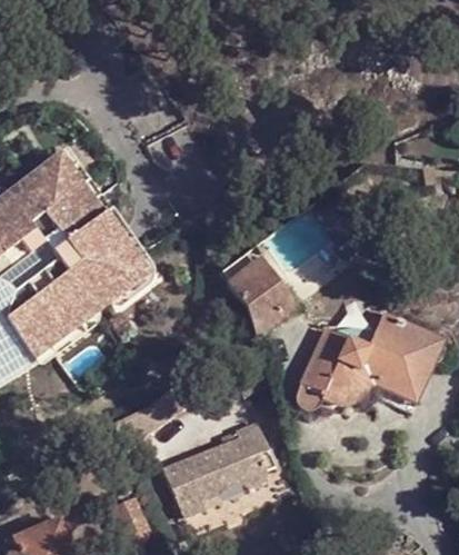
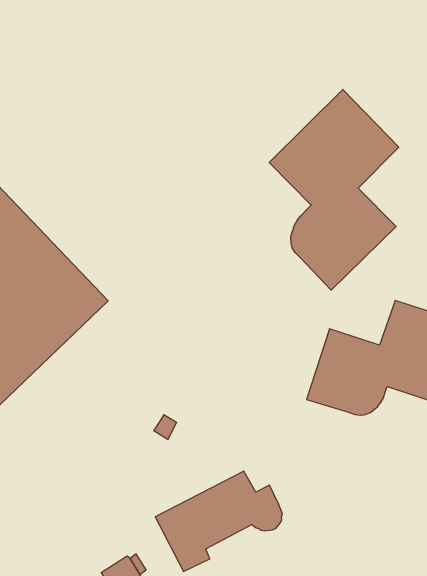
building: none -> [269,89,399,290]
building: [233,260,300,336] -> none

